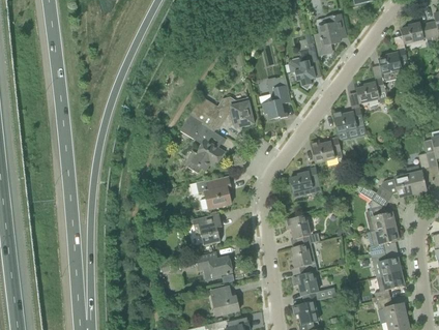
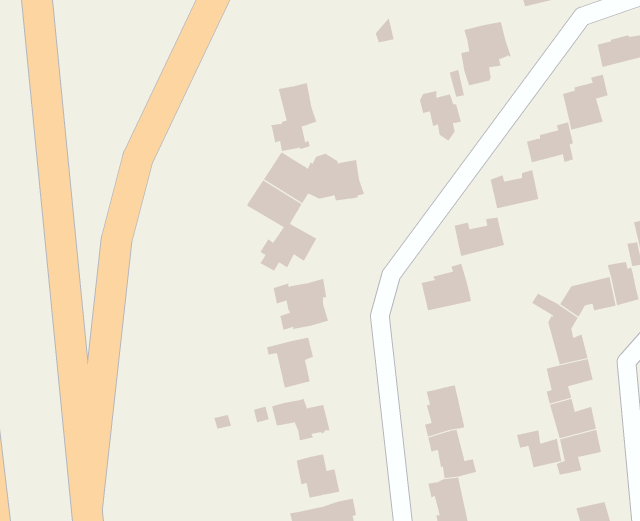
building: [261,76,291,119] -> [270,82,317,151]
building: [285,215,319,247] -> none
building: [376,297,405,321] -> [516,430,562,468]

